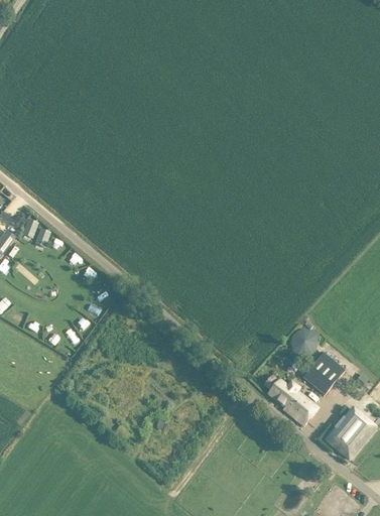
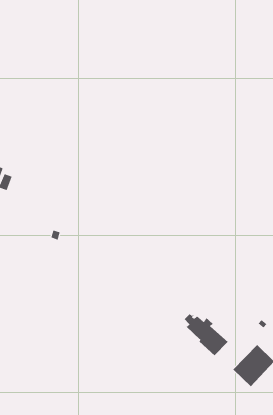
building: [287,328,316,362] -> none
building: [301,351,344,394] -> none

